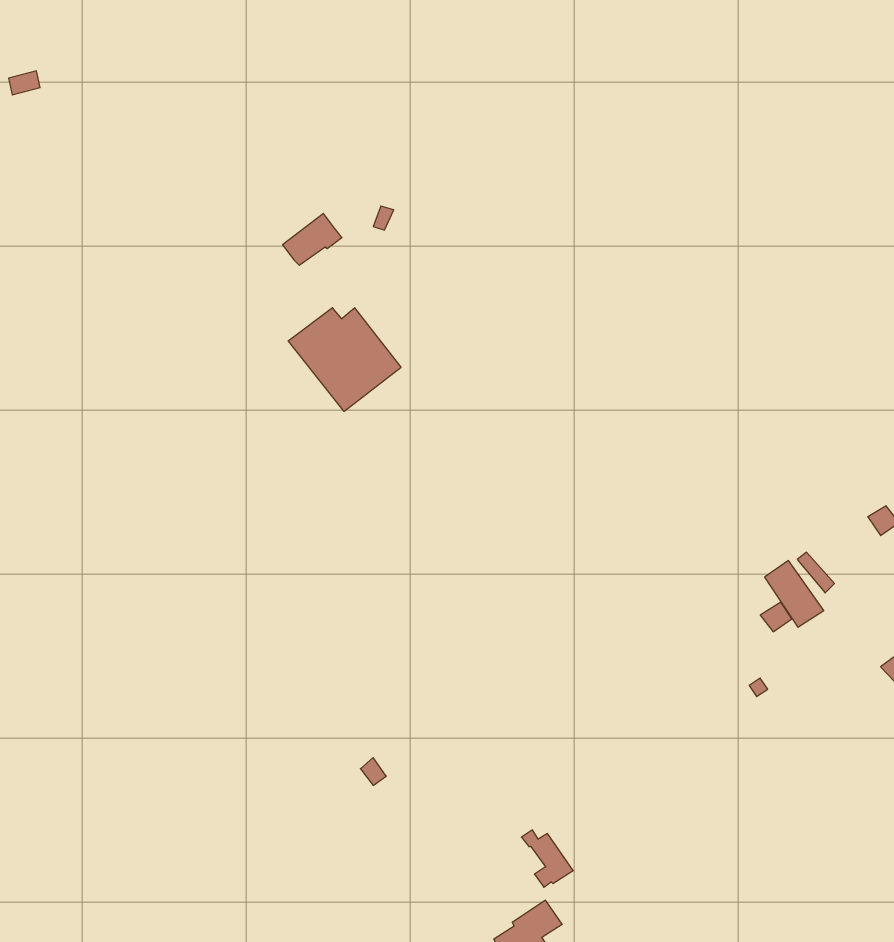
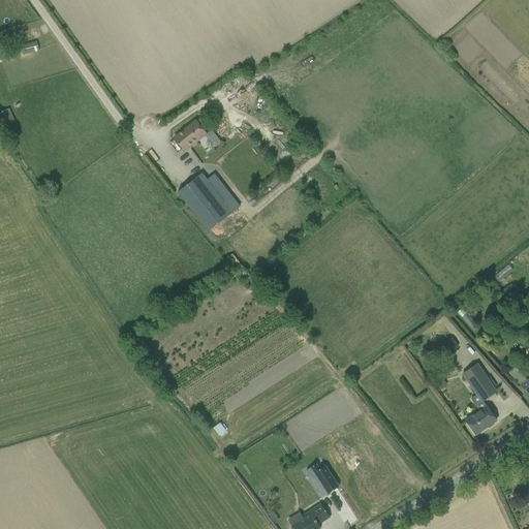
building: [765,561,824,627] -> [463,363,496,400]
building: none -> [465,405,496,434]

